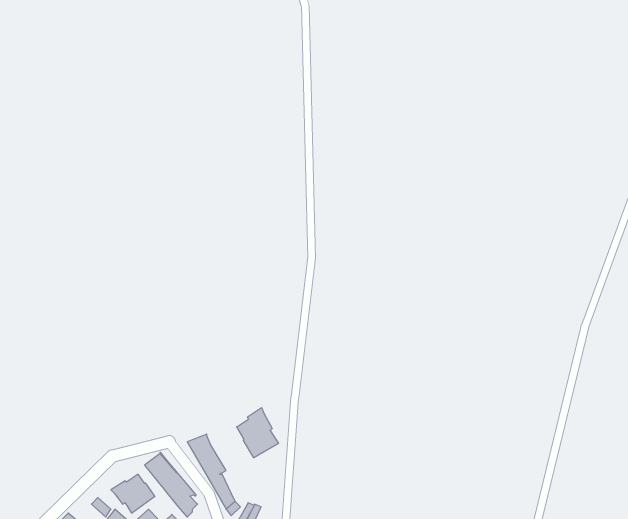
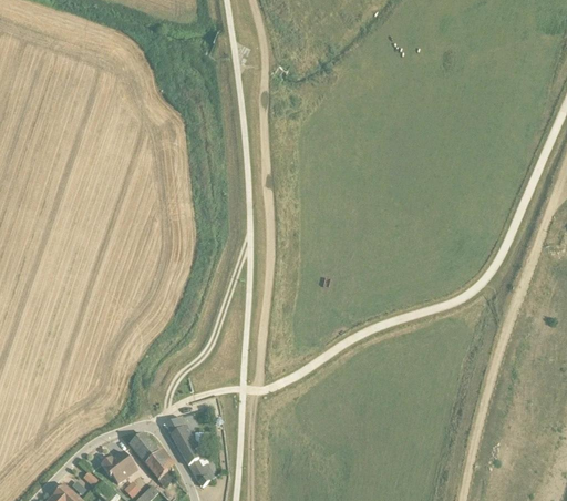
building: [237,408,279,458] -> none

